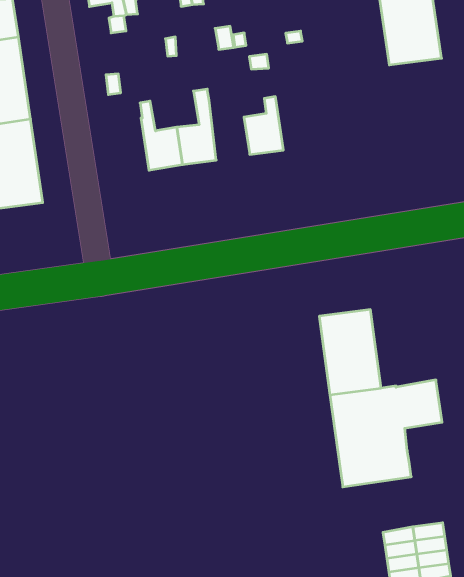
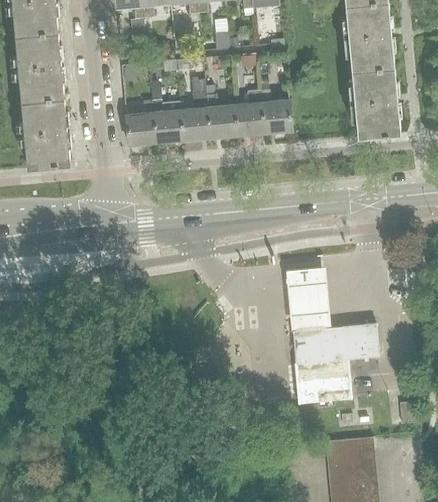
building: none -> [352,67,399,136]
building: none -> [260,89,291,133]
building: none -> [207,89,237,138]
building: none -> [126,101,156,145]

